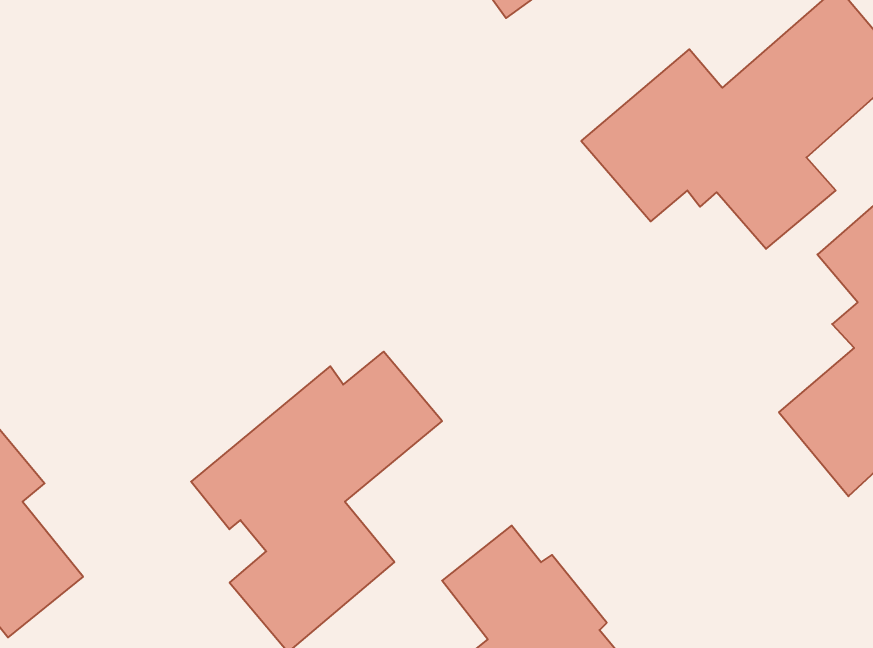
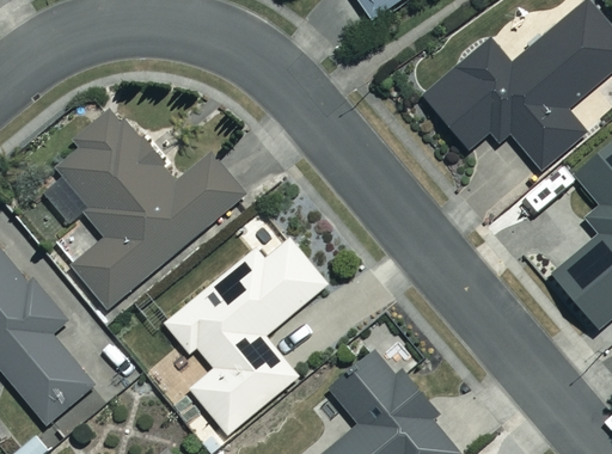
building: none -> [45,108,244,309]

